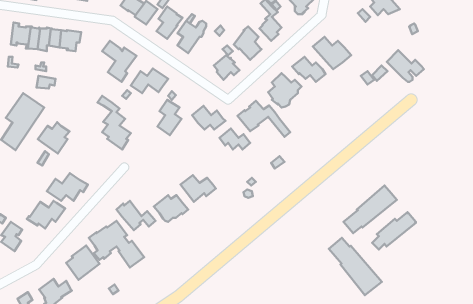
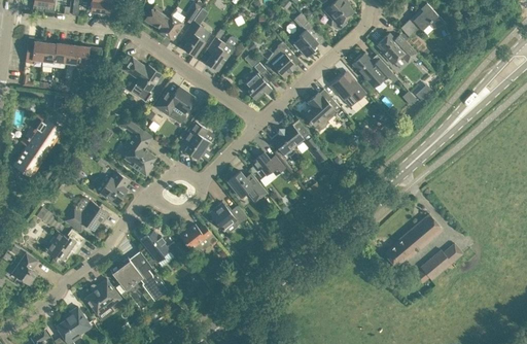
building: [387,50,424,82] -> [377,32,417,66]
building: [192,106,226,130] -> [227,170,264,196]
building: [38,122,69,154] -> [96,170,130,204]
building: [329,238,382,295] -> none

